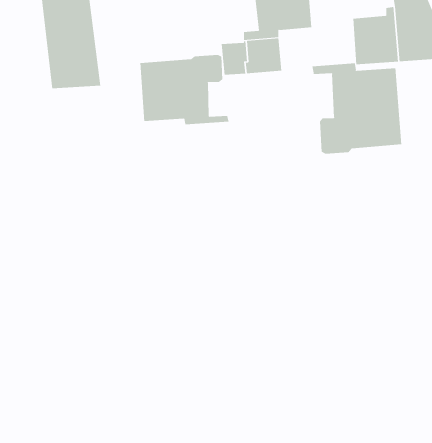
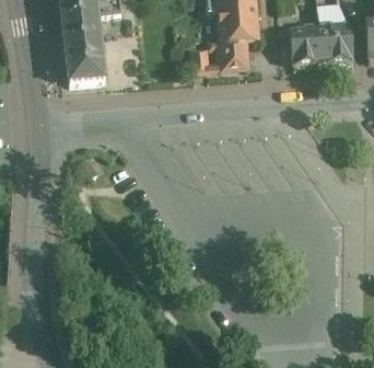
building: [140,54,229,125] -> none
building: [312,63,402,155] -> none

